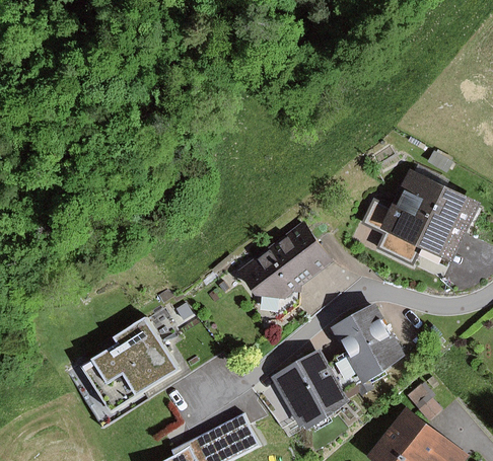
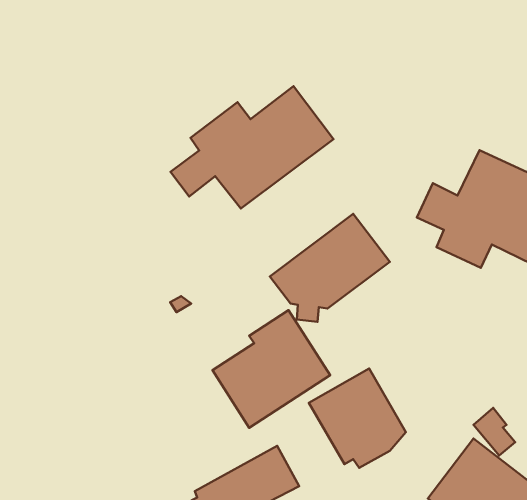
building: none -> [170,86,333,209]
building: [332,303,405,384] -> none
building: [82,316,180,413] -> [212,310,330,428]

